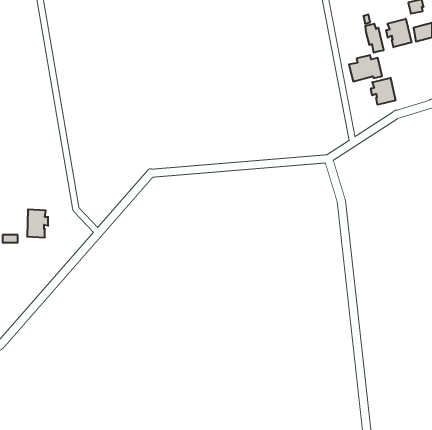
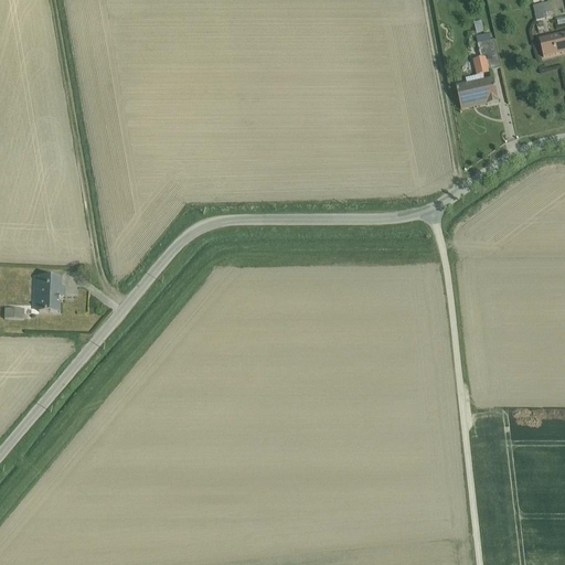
building: [386,19,412,47] -> none
building: [371,78,396,105] -> none

